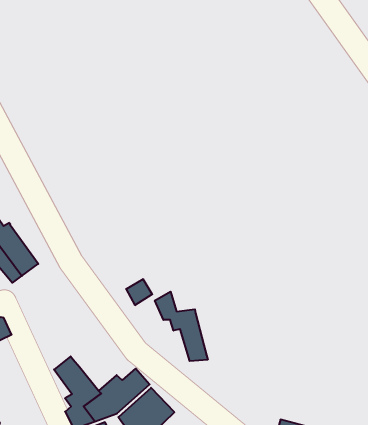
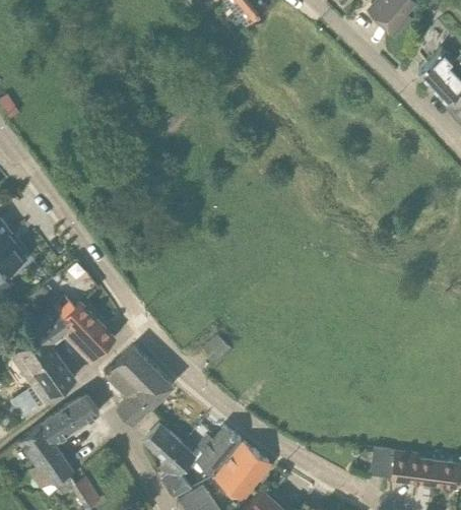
building: none -> [104,348,172,425]
building: [155,292,208,361] -> none

